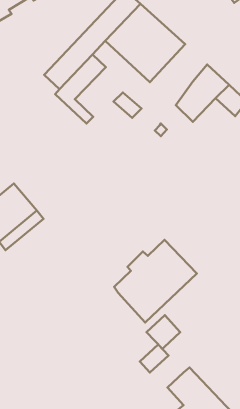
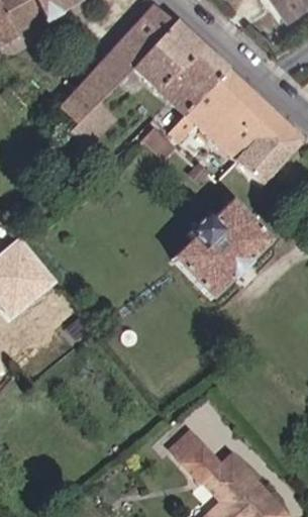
building: none -> [170,71,253,143]
building: none -> [236,135,287,185]
building: [114,240,197,322] -> [172,200,271,299]
building: [146,315,180,349] -> [185,443,225,484]

